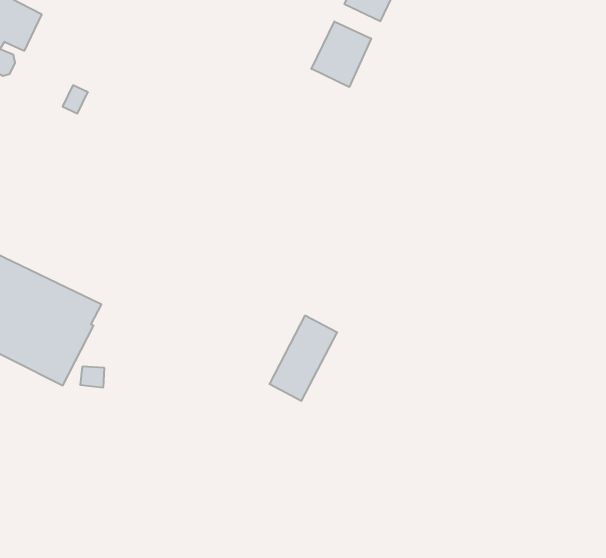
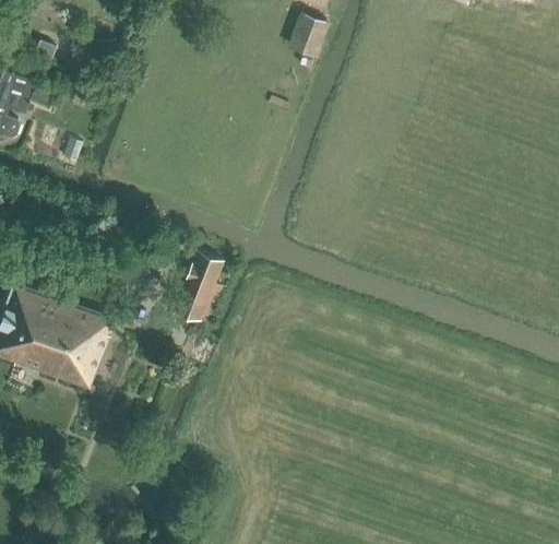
building: [311,21,371,87] -> none
building: [269,316,337,401] -> [173,251,224,322]

